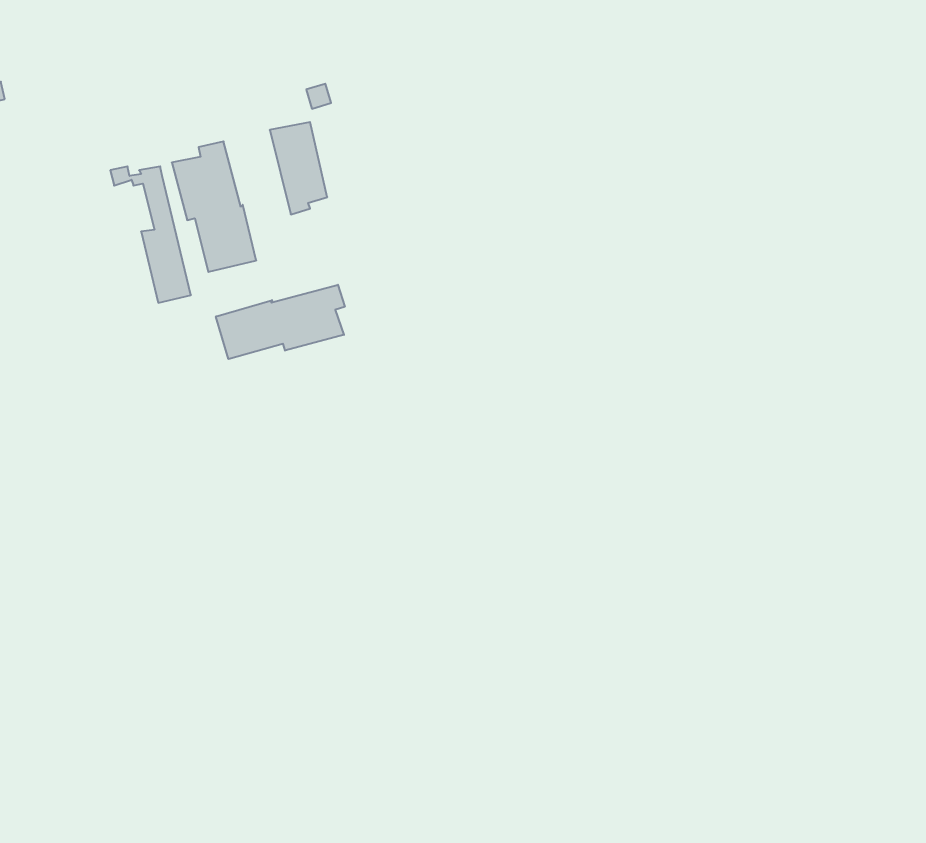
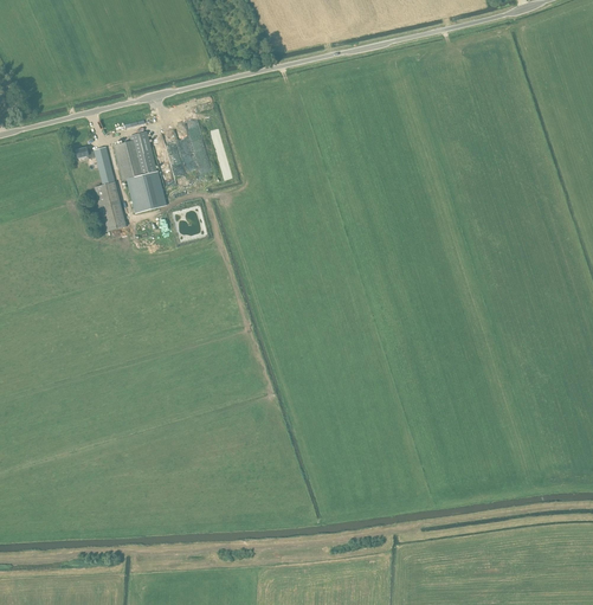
building: [216,285,345,359] -> none

